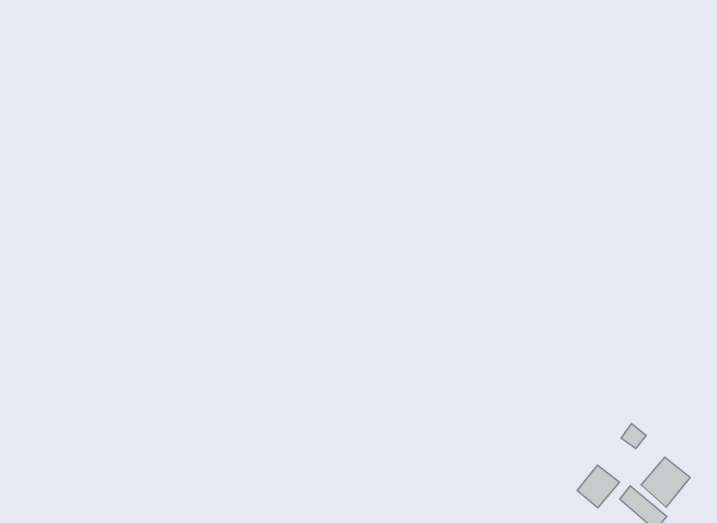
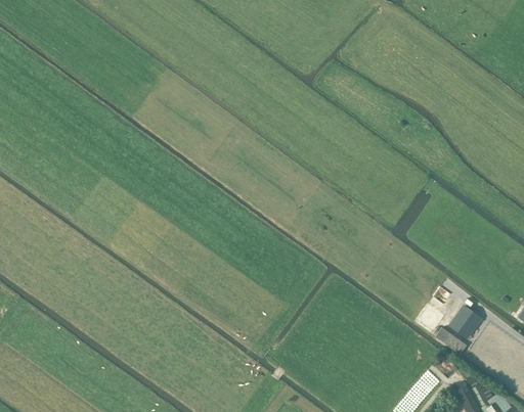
building: [577,465,619,508] -> none

